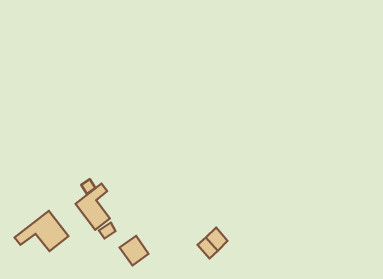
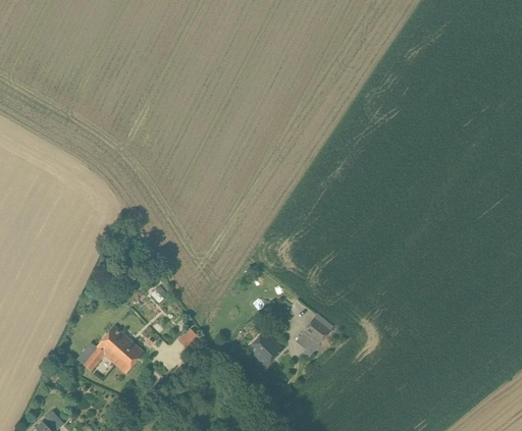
building: [75,184,110,230] -> none
building: [119,236,149,266] -> [247,331,281,366]

